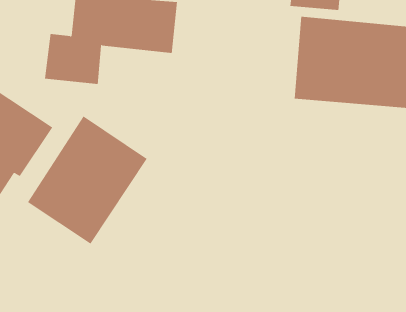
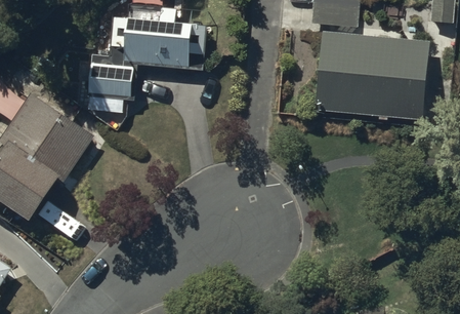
building: [27,116,148,245] -> none

